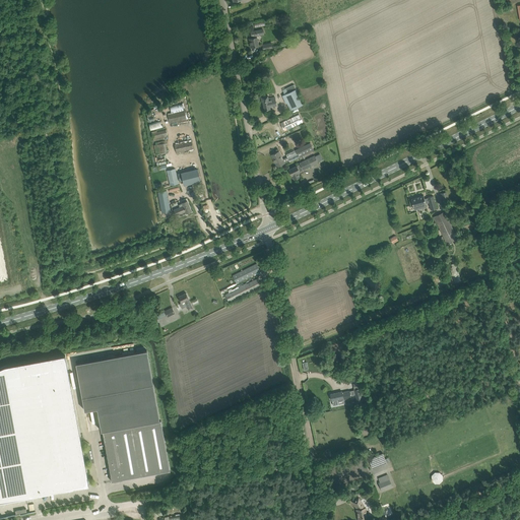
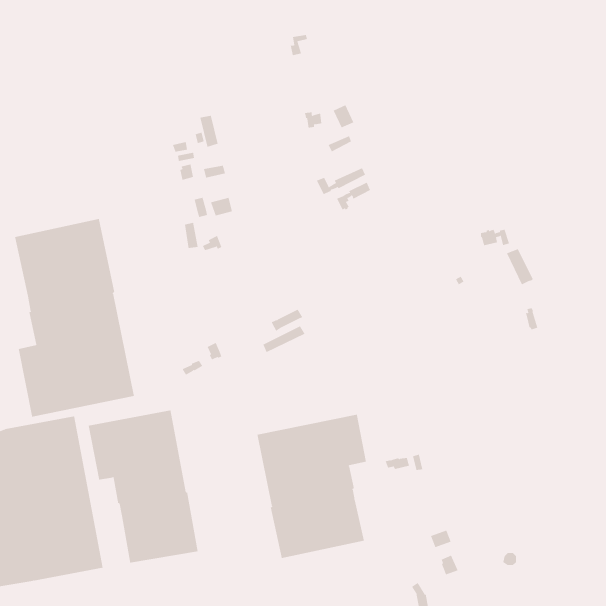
building: none -> [15,218,134,418]
building: none -> [257,414,367,559]

